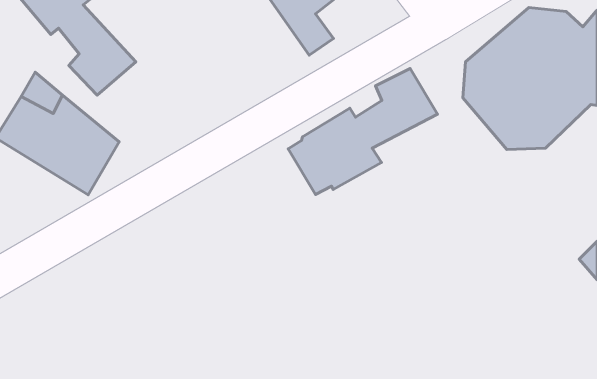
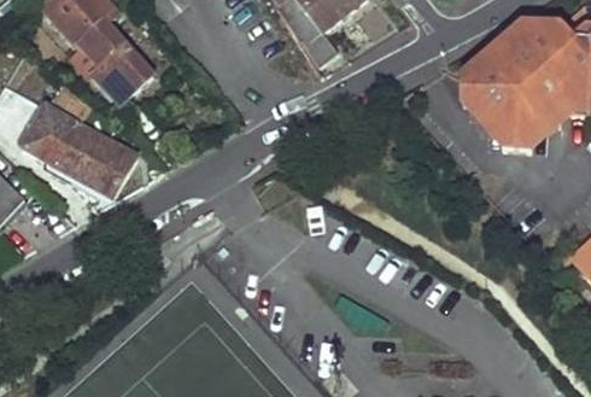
building: [288,68,437,195] -> none

